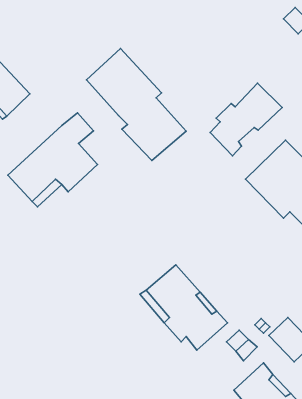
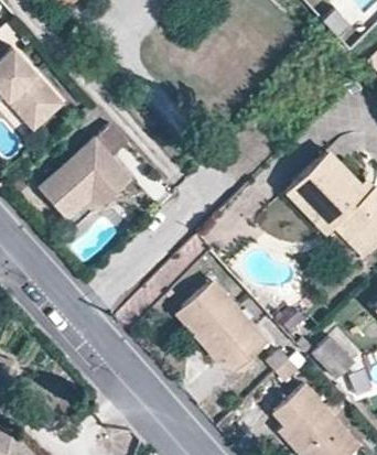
building: [86,48,186,160] -> none
building: [210,83,282,156] -> none

